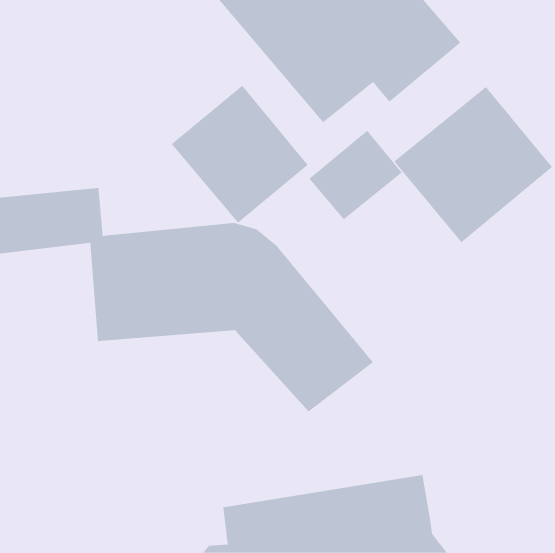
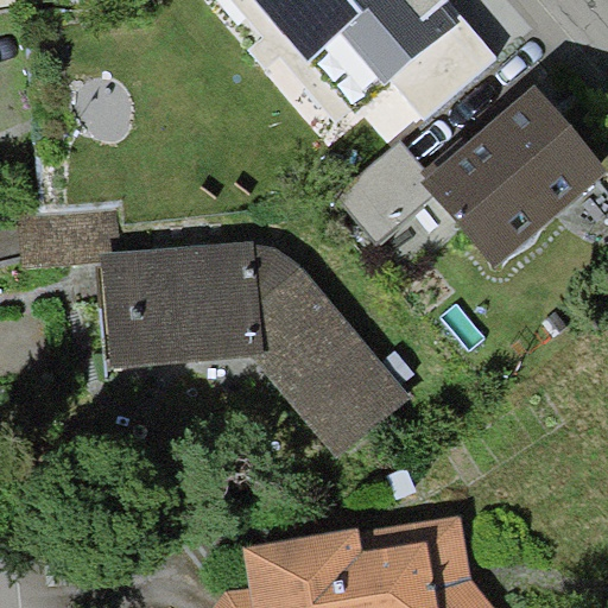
building: [171,85,308,224] -> none

